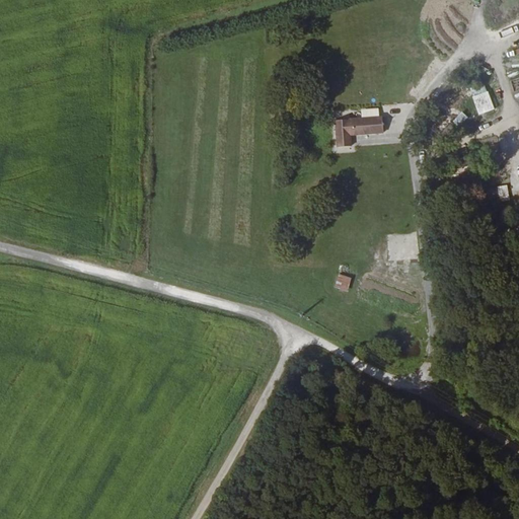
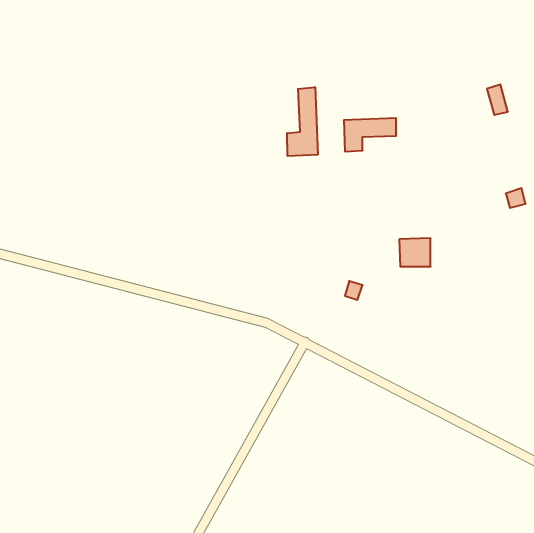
building: none -> [287,87,318,156]

